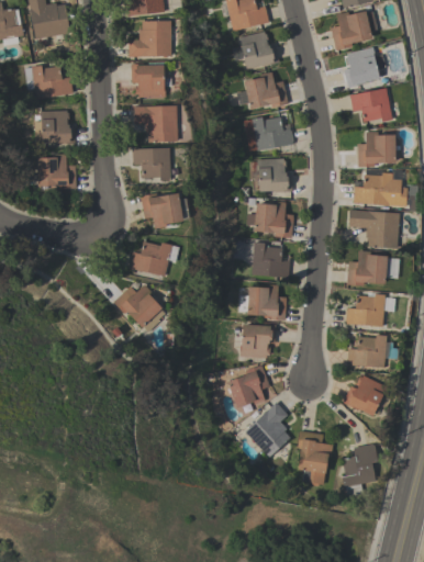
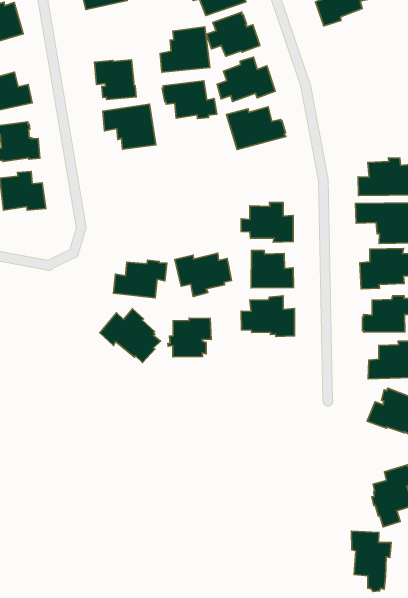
building: [129,20,171,56] -> [160,27,210,72]
building: [343,46,386,87] -> none
building: [349,87,392,122] -> none
building: [357,131,395,166] -> none
building: [132,147,178,180] -> [162,81,217,119]
building: [254,158,292,192] -> none
building: [141,192,189,228] -> [175,253,232,296]
building: [236,323,276,358] -> [168,318,211,357]
building: [227,364,269,407] -> none
building: [245,402,290,457] -> none
building: [298,430,333,485] -> [351,531,391,591]

